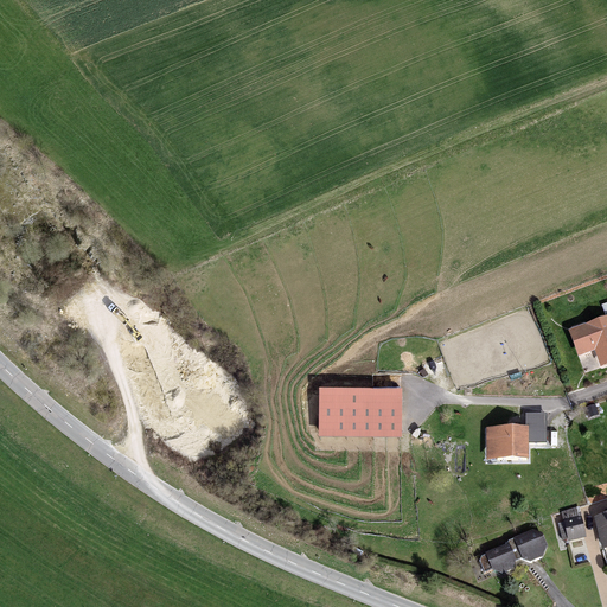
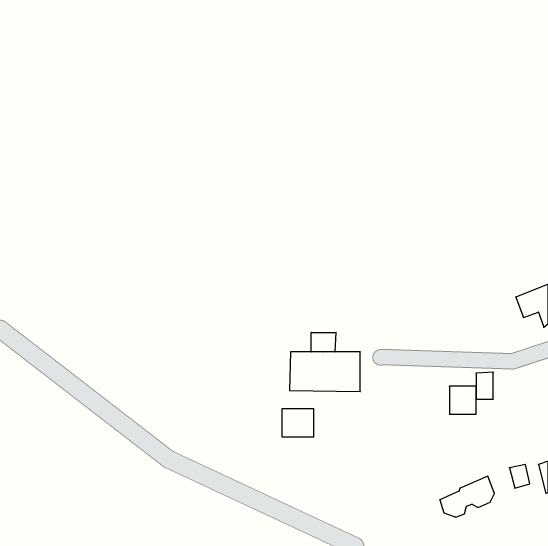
building: none -> [311,332,336,352]
building: none -> [282,409,314,437]

